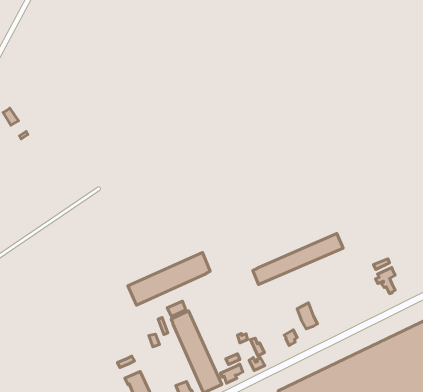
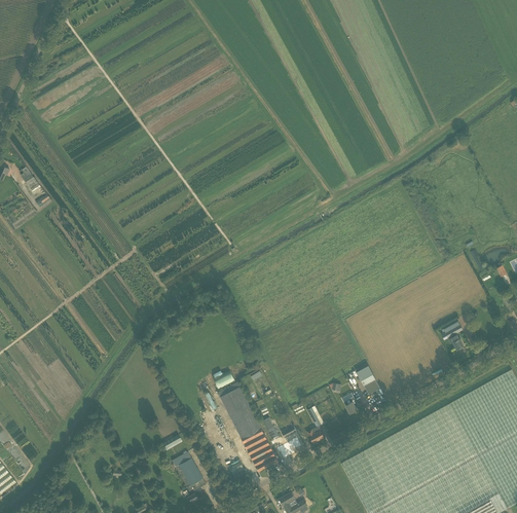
building: [253,234,343,285] -> none
building: [128,252,210,305] -> none

